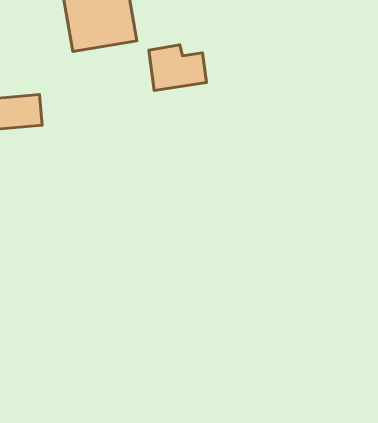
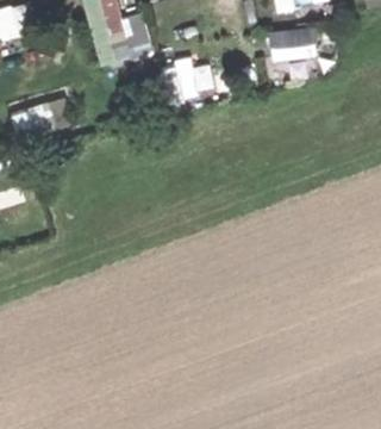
building: none -> [268,26,318,61]

